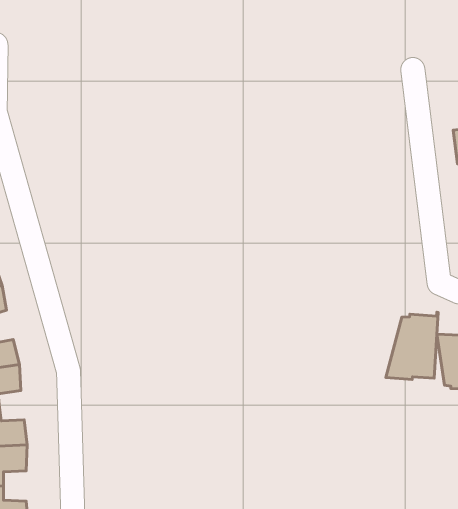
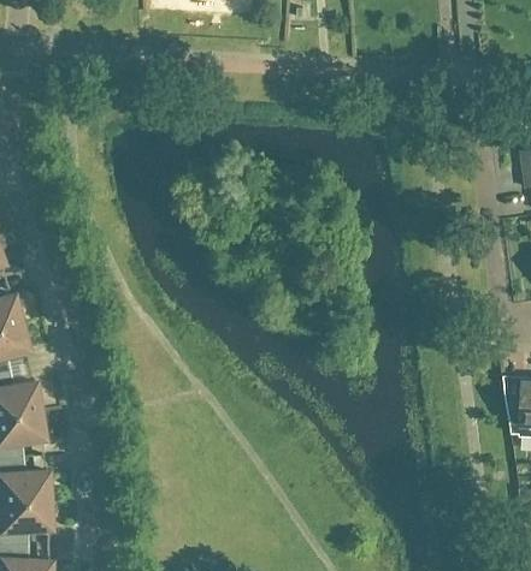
building: [386,312,438,379] -> none

